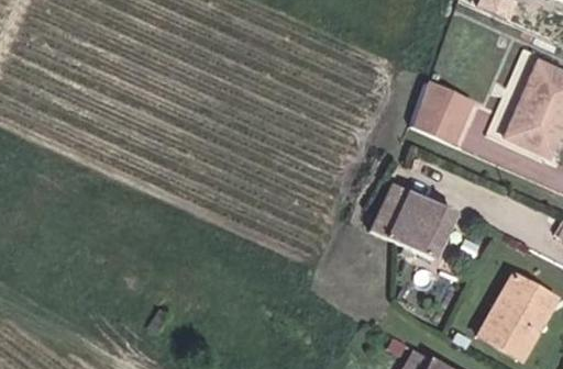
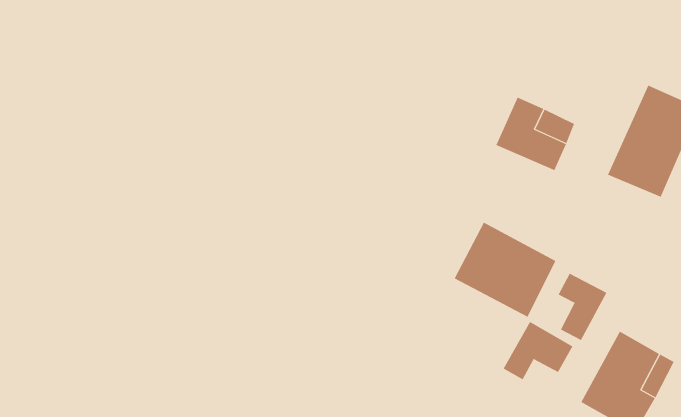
building: none -> [558,273,607,341]
building: none -> [503,321,573,380]

